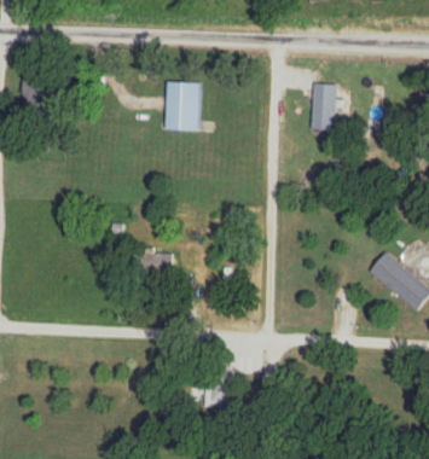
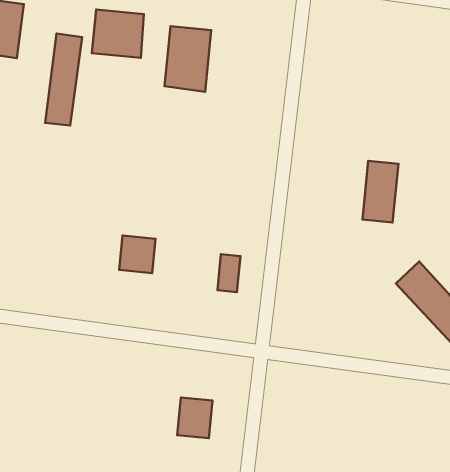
building: none -> [92,9,144,58]
building: [312,83,336,130] -> [362,161,398,222]
building: none -> [45,33,82,126]

